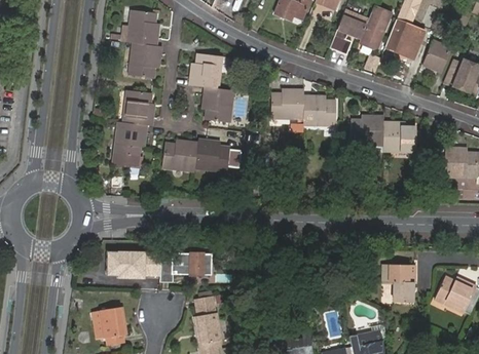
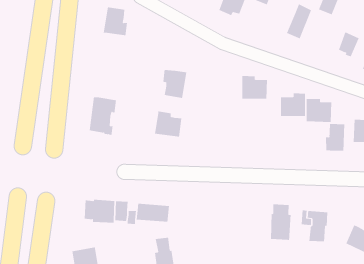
building: [328,11,368,55] -> none
building: [384,19,425,60] -> none
building: [132,42,164,78] -> none
building: [192,52,225,88] -> none
building: [123,89,154,125] -> none
building: [271,89,304,119] -> none
building: [161,140,198,171] -> none
building: none -> [326,123,345,152]
building: none -> [270,204,291,241]

